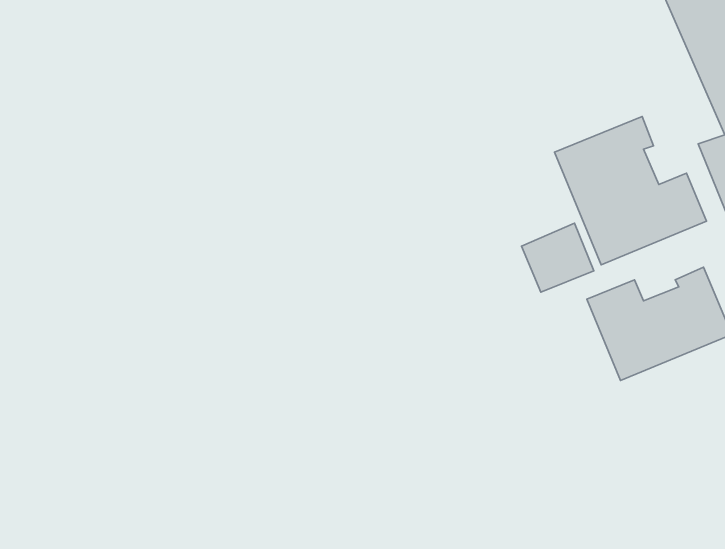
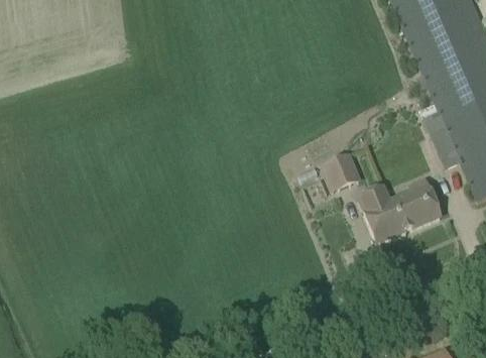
building: [555,117,707,265] -> none

